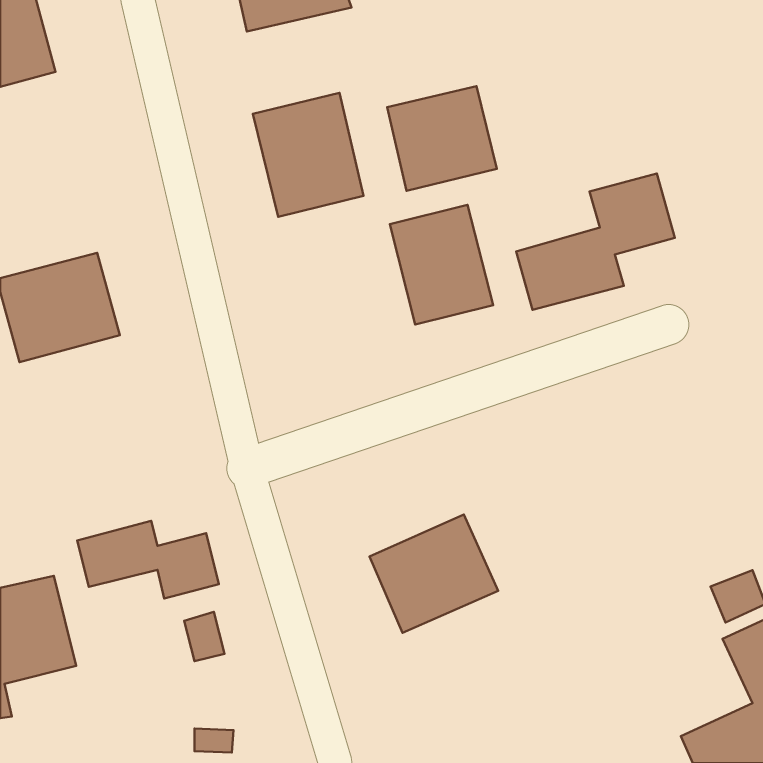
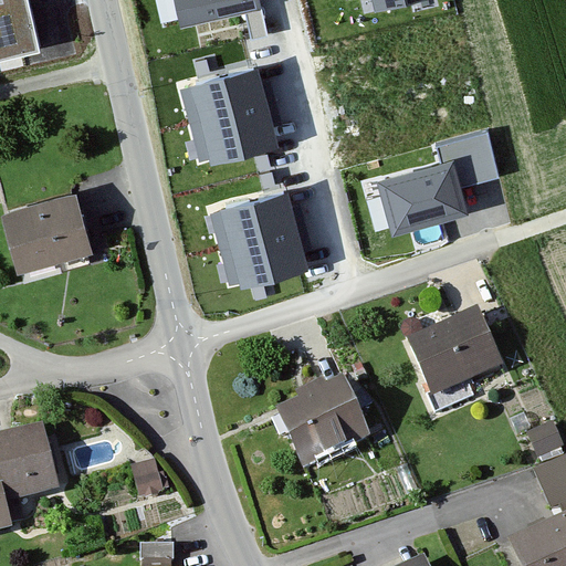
building: [387,86,497,191] -> none
building: [390,205,493,324] -> [223,195,300,283]
building: none -> [406,311,500,397]
building: [77,521,219,599] -> none

